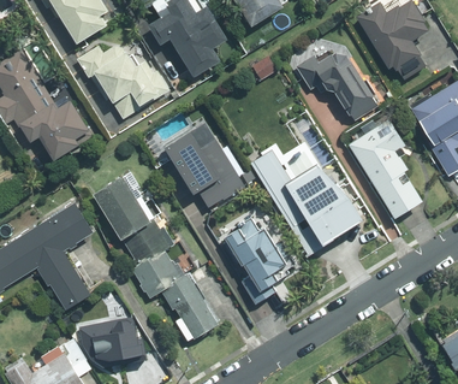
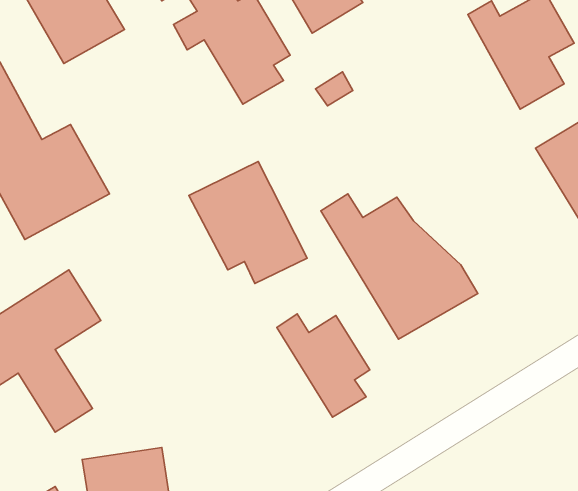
building: [81,31,162,111] -> none
building: [303,51,375,116] -> none
building: [346,122,424,224] -> none
building: [87,164,214,337] -> none

